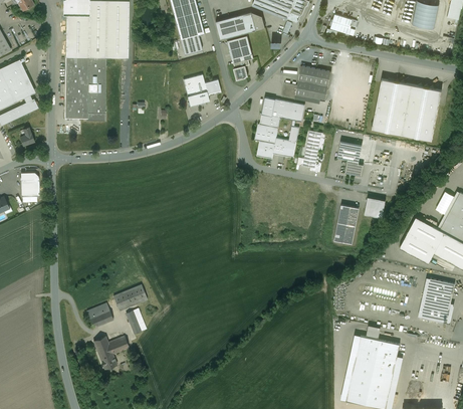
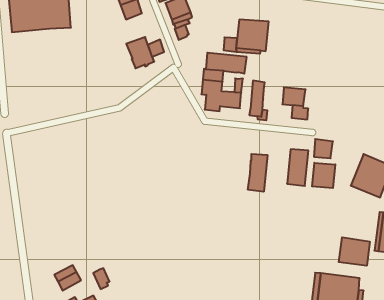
building: [65,57,105,121] -> none
building: [372,79,442,141] -> none
building: none -> [248,154,267,192]
building: none -> [312,163,335,188]
building: [113,285,148,312] -> none
building: none -> [339,237,370,266]

